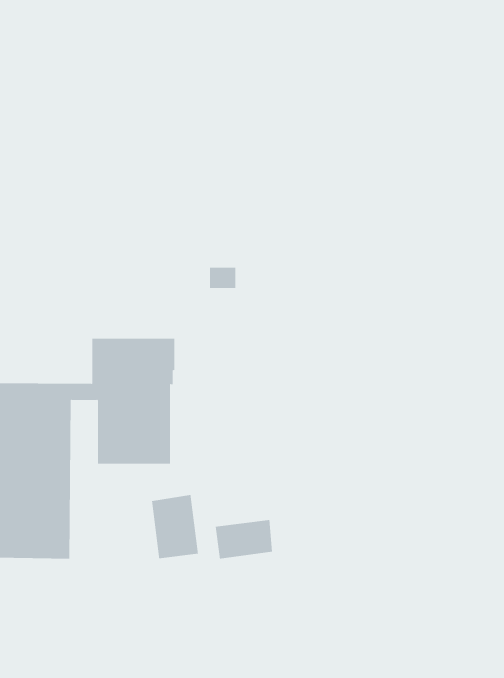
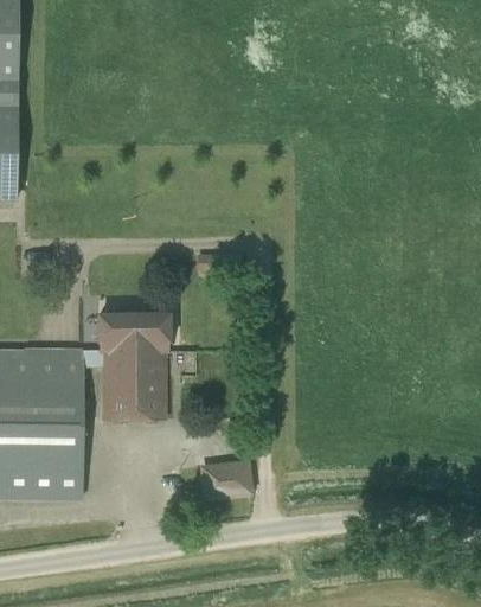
building: [151,494,199,559] -> none

